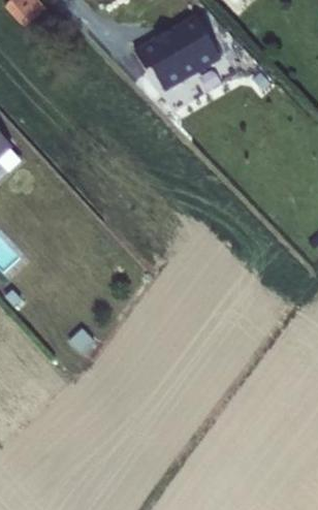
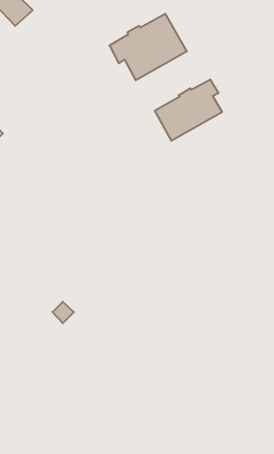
building: none -> [155,79,222,141]

